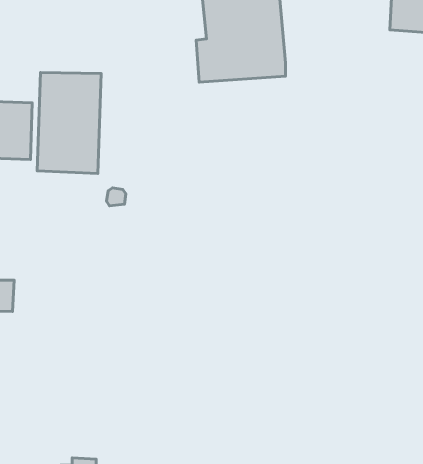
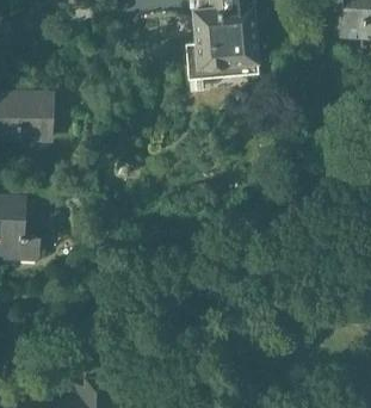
building: [37,73,101,173] -> none

